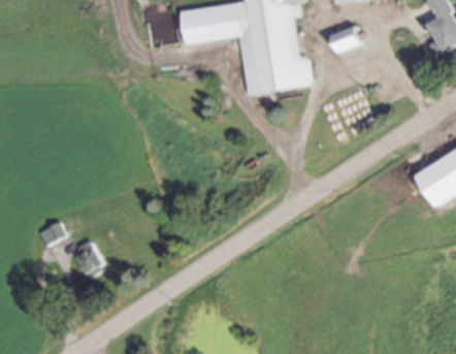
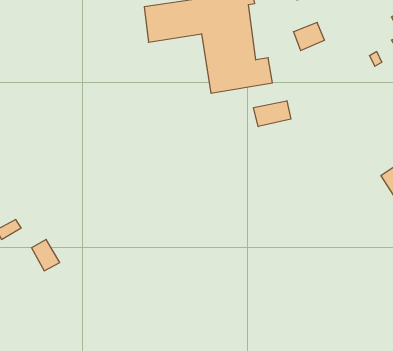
building: none -> [254,101,291,127]

